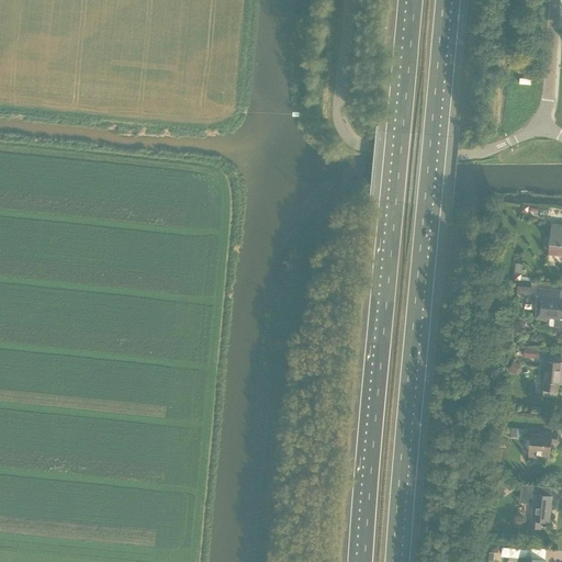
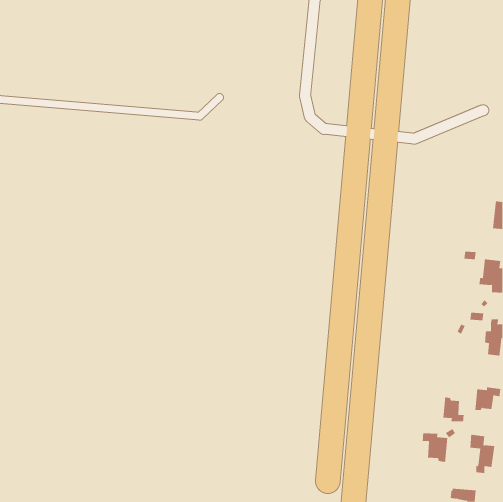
building: none -> [443,396,464,422]
building: none -> [422,432,448,463]

